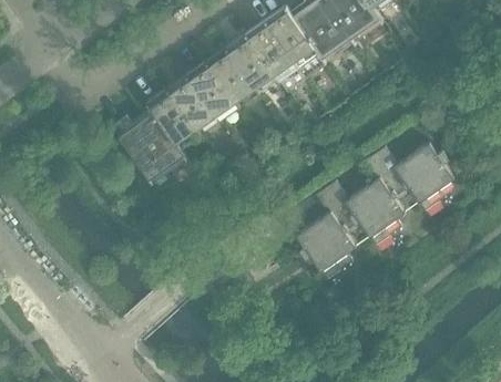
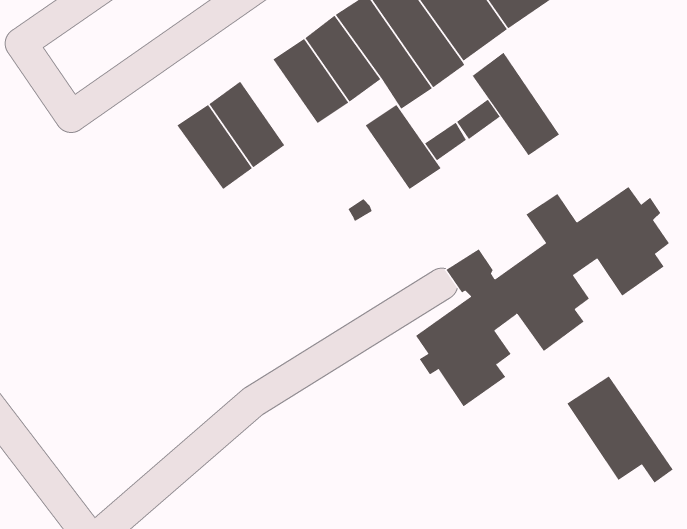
building: none -> [472,52,560,156]
building: [187,61,235,114] -> [365,104,441,190]
building: [111,102,187,183] -> none
building: none -> [567,375,674,483]

